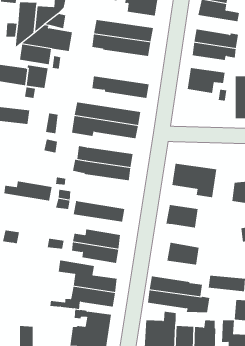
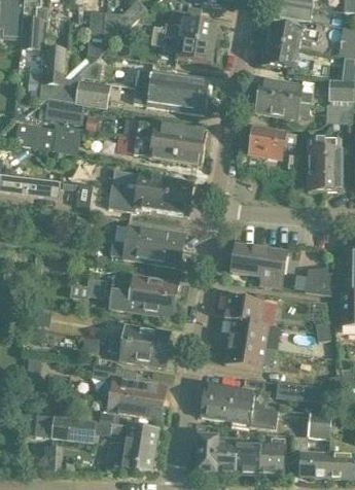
building: none -> [135,119,207,147]
building: [4,181,53,201] -> [117,275,177,300]
building: none -> [228,319,268,347]
building: none -> [35,415,95,442]

